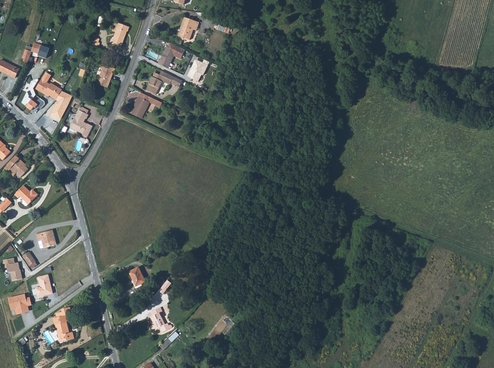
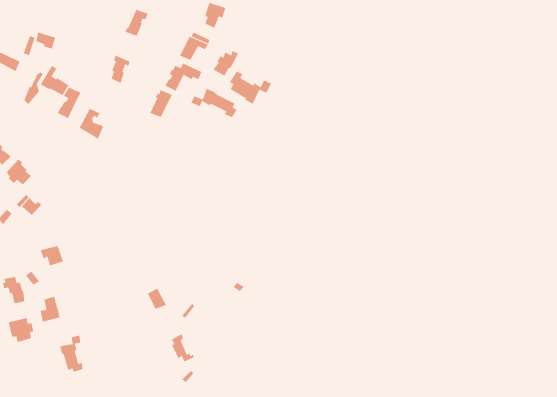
building: none -> [229,71,272,105]
building: none -> [190,88,237,118]

